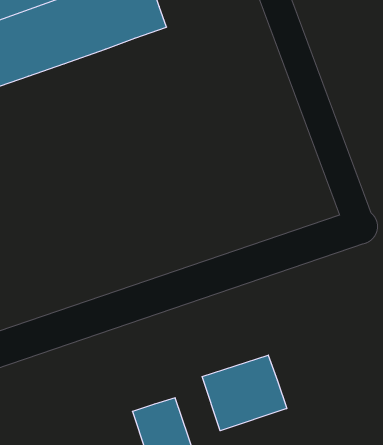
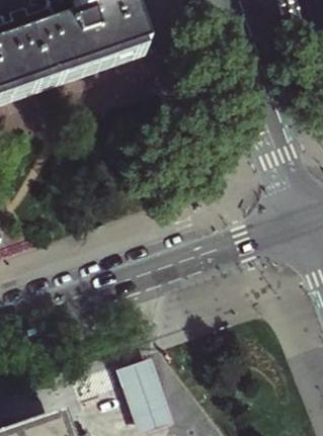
building: [202,355,287,431] -> none

